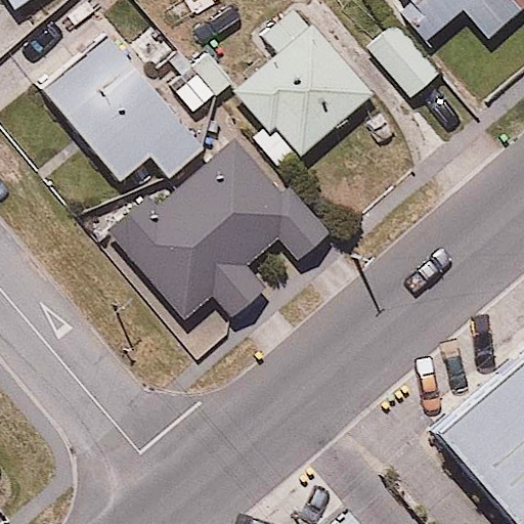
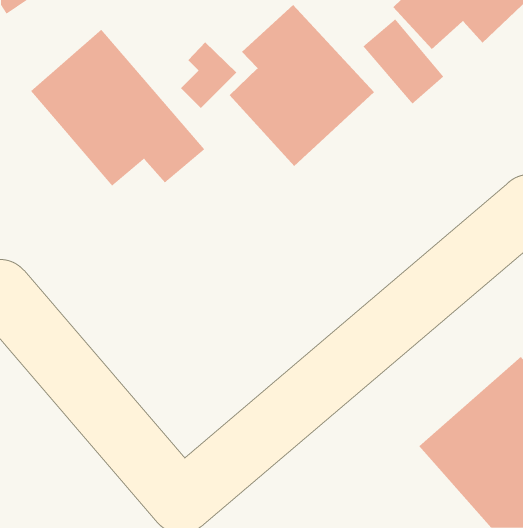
building: [114,138,325,318] -> none

